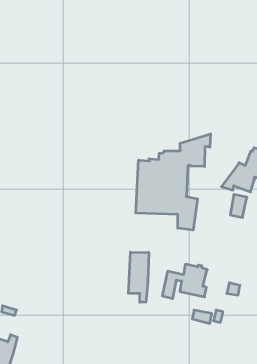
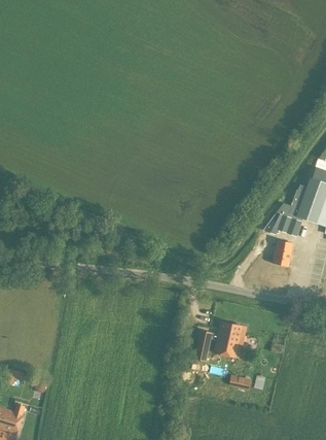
building: [136,134,211,230] -> none
building: [128,252,149,302] -> none

